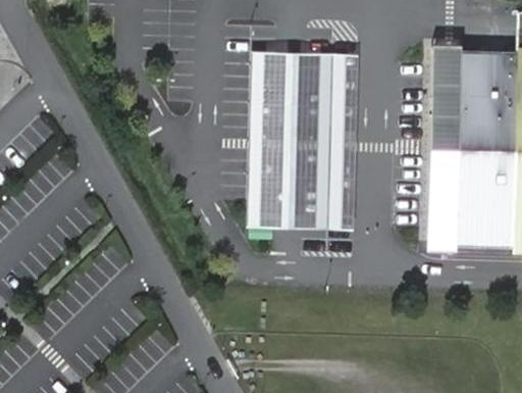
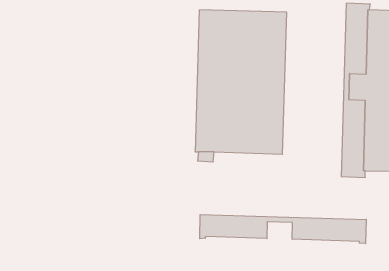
building: none -> [200,215,366,244]

